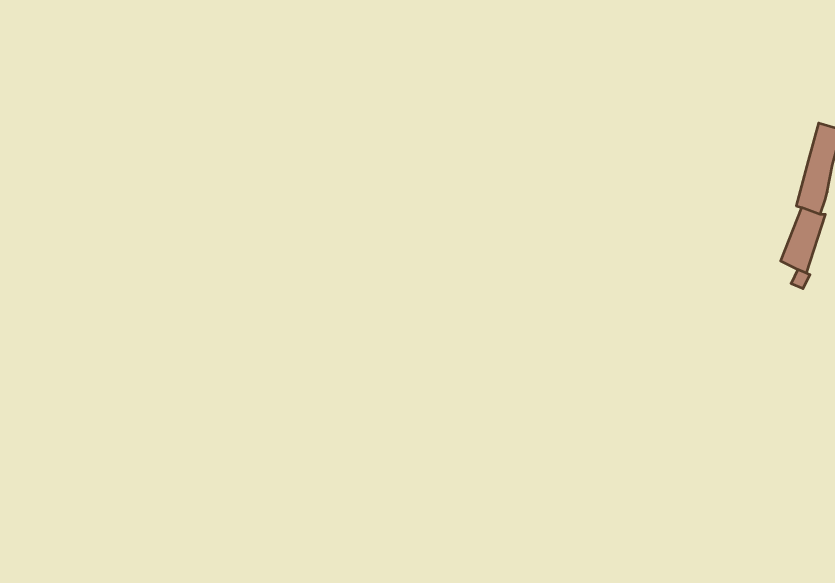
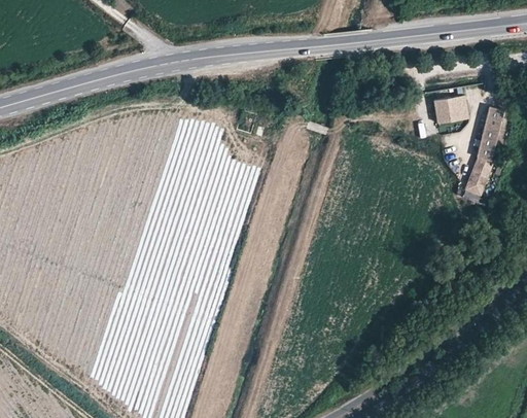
building: none -> [434,95,468,124]

